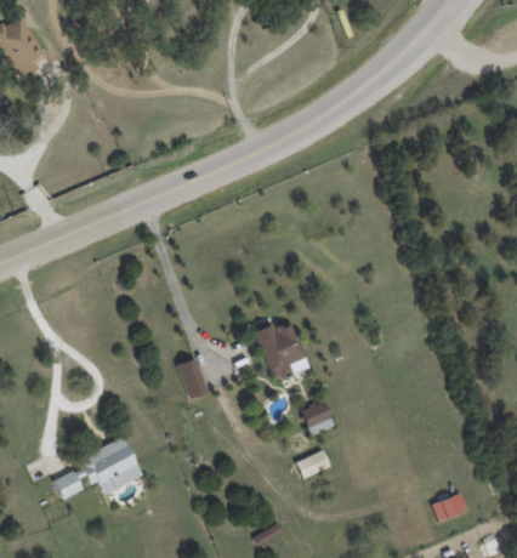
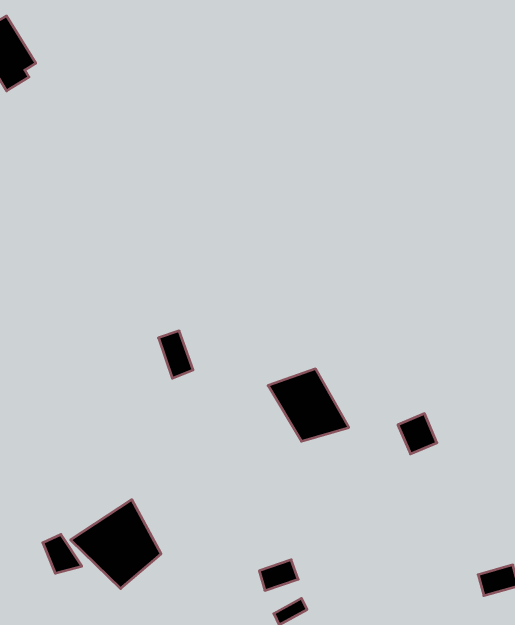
building: [176,358,206,399] -> [158,331,193,378]
building: [300,400,334,435] -> [398,414,437,454]
building: [295,451,329,478] -> [259,560,298,590]

